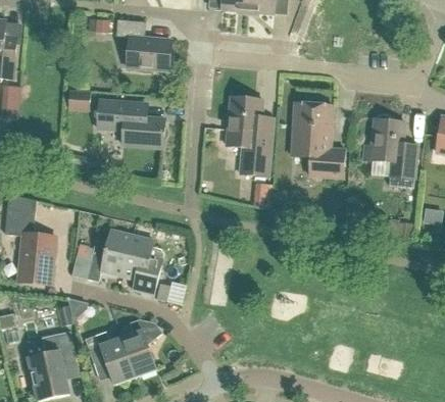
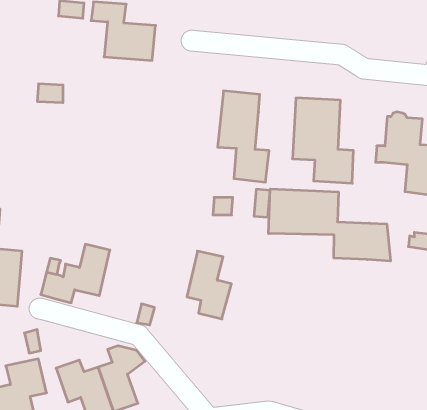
building: [96,99,165,150] -> none
building: none -> [269,189,390,261]
building: [122,235,161,294] -> [187,251,231,319]

